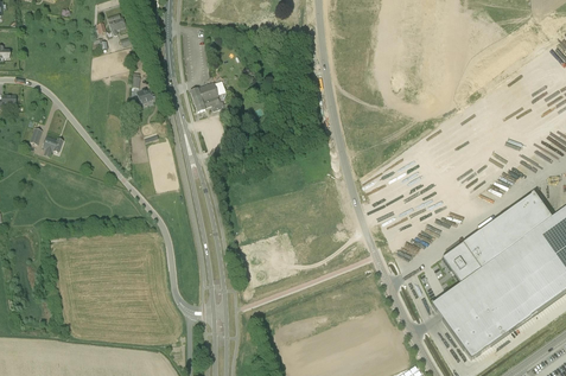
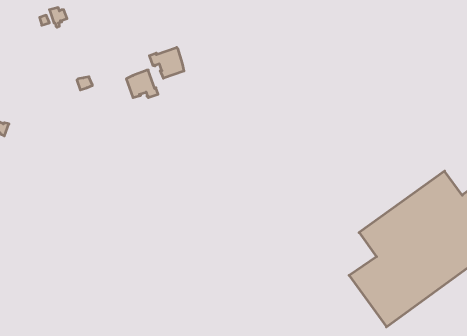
building: none -> [149,47,184,78]

